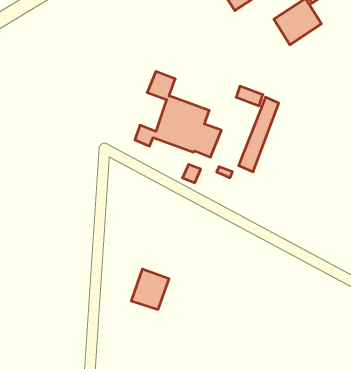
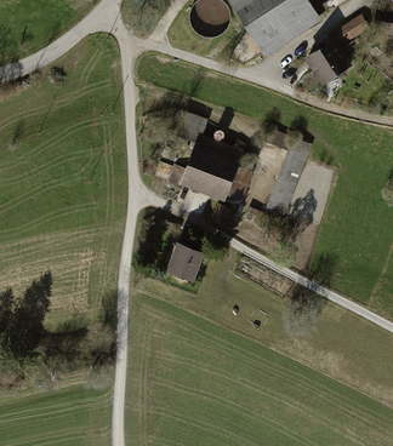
building: [131,269,169,309] -> [164,244,201,284]

